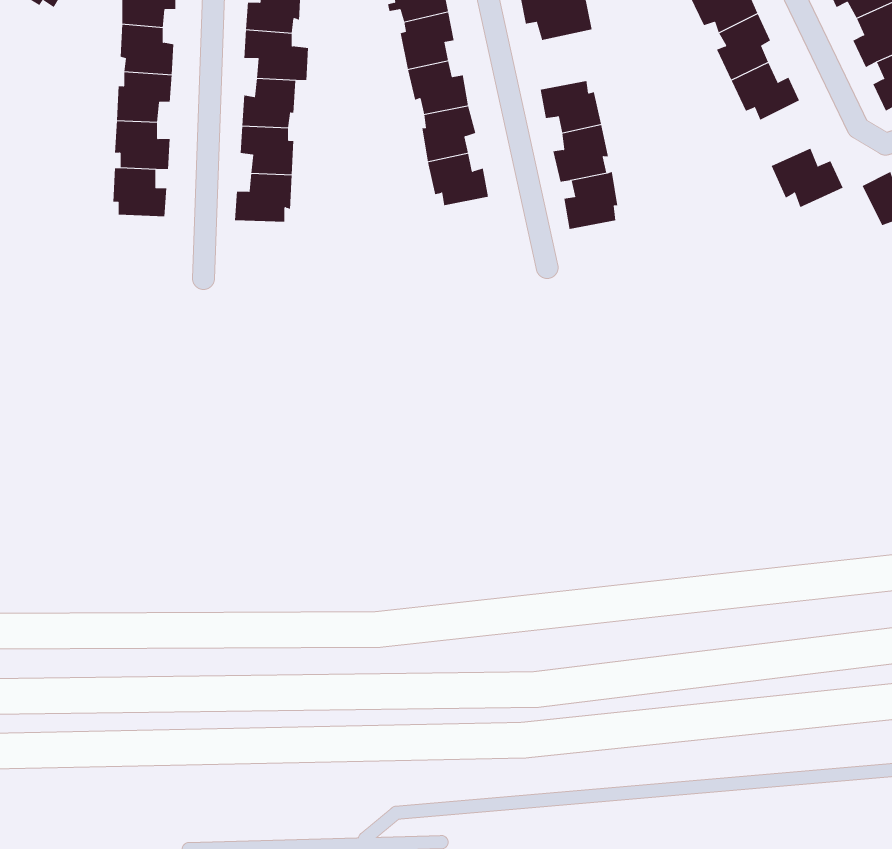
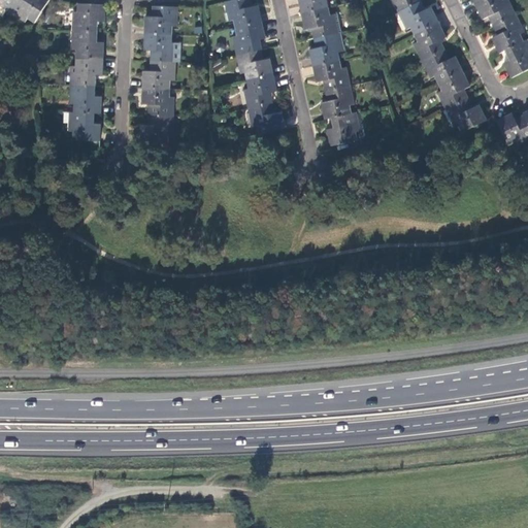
building: none -> [308,30,346,64]
building: none -> [435,70,467,107]

